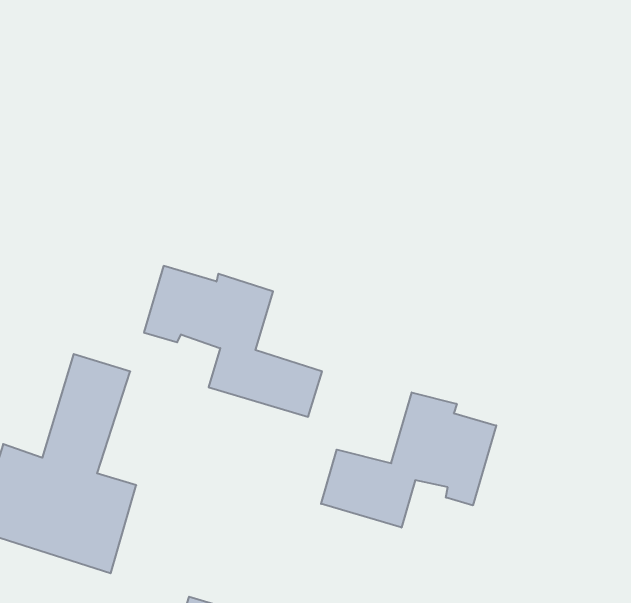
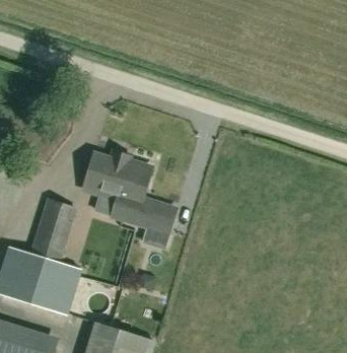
building: [321,392,496,528] -> none

